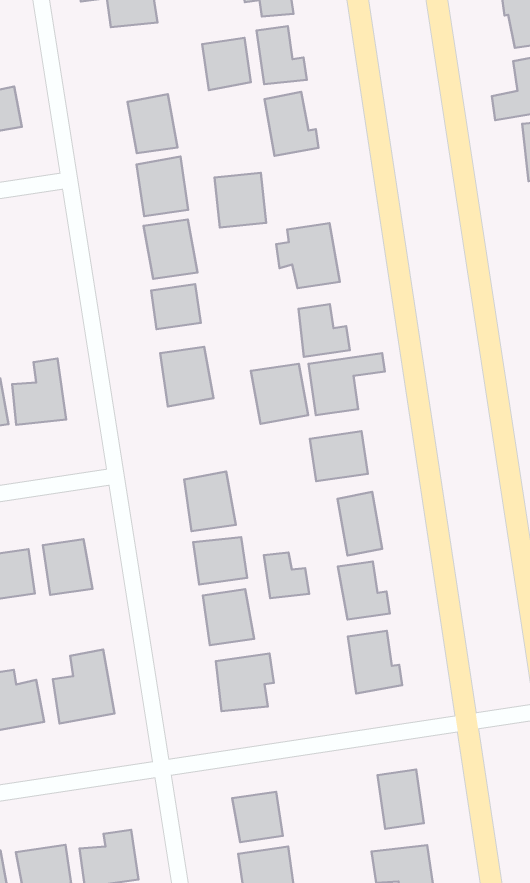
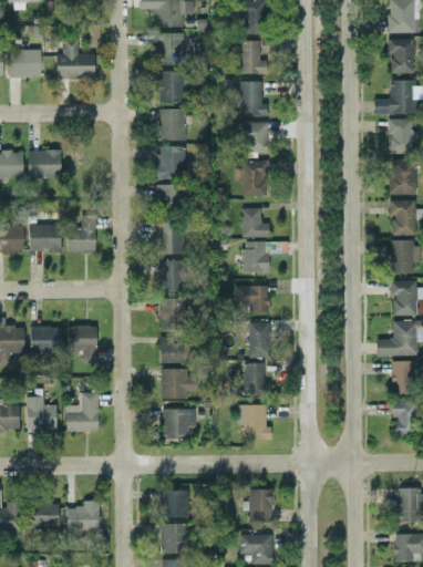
building: [202,38,251,90] -> [158,33,184,61]
building: [214,173,266,228] -> [239,122,268,153]
building: [251,364,308,424] -> [157,260,187,292]
building: [264,553,309,598] -> none

